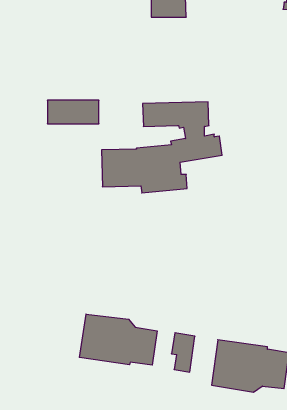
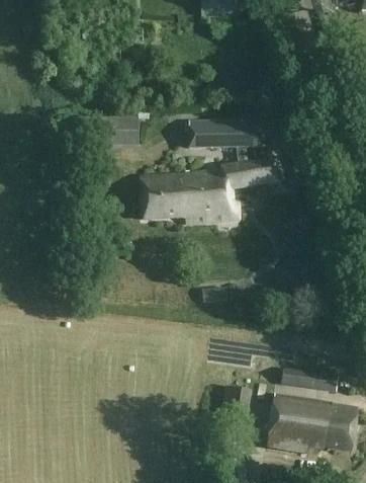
building: [79,314,157,365] -> none
building: none -> [282,368,337,392]

